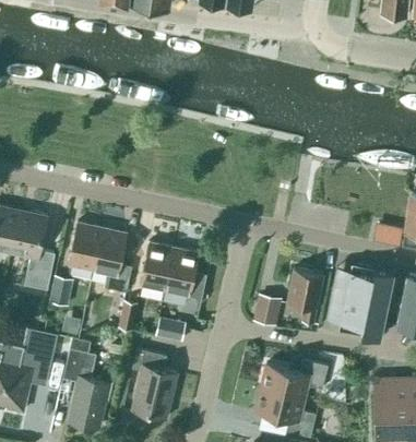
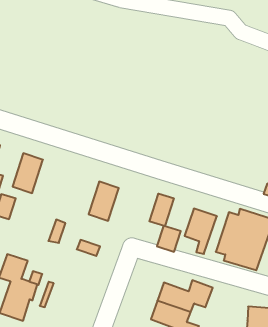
building: [93,228,132,292] -> none
building: [140,242,174,289] -> none
building: none -> [149,194,174,226]
building: [131,349,177,419] -> none

